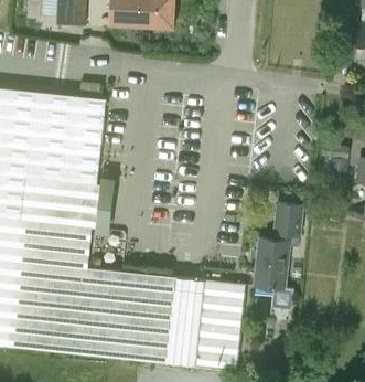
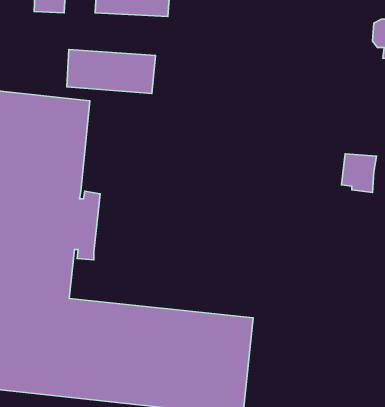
building: none -> [67,50,156,94]
building: [254,203,302,289] -> none

